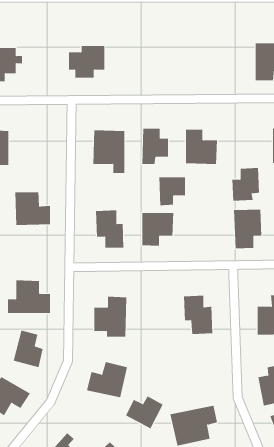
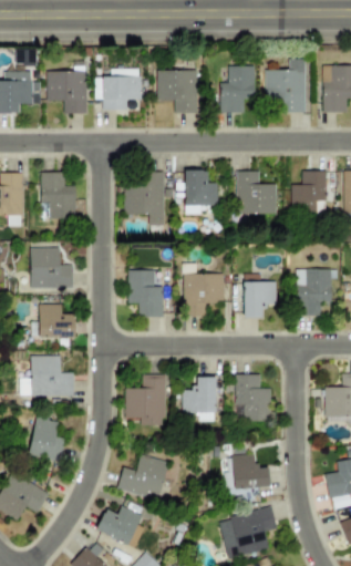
building: none -> [267,59,306,113]
building: none -> [220,66,256,113]
building: none -> [157,70,198,113]
building: none -> [47,71,87,113]
building: none -> [41,173,76,218]
building: [232,167,260,201] -> [292,171,327,212]
building: [158,177,186,206] -> [244,282,277,318]
building: none -> [40,305,75,339]
building: none -> [183,377,217,422]
building: none -> [234,455,269,488]
building: [125,395,163,429] -> [96,505,143,546]

